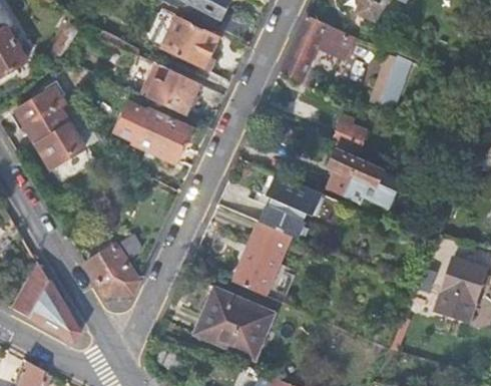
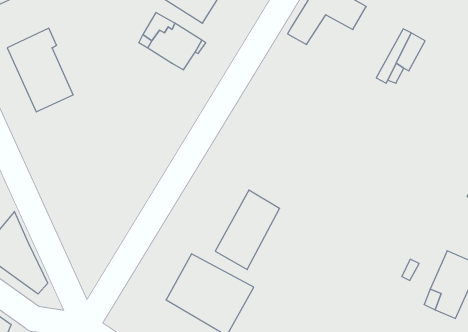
building: [116,103,192,164] -> none
building: [333,119,370,155] -> none
building: [326,150,394,211] -> none
building: [261,174,323,238] -> none
building: [86,236,142,295] -> none

